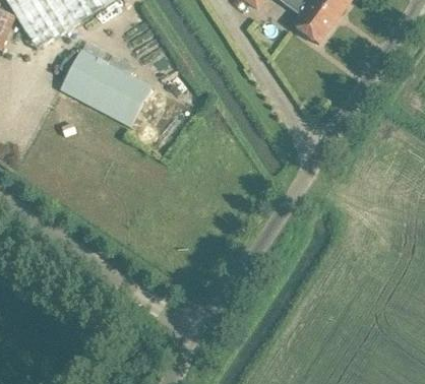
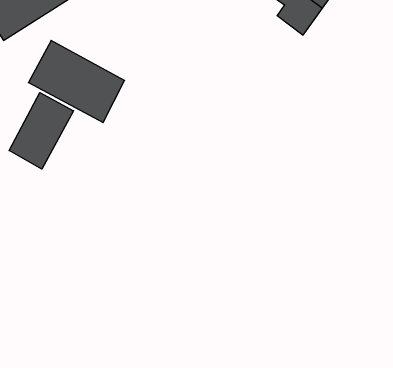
building: none -> [9,93,74,169]

